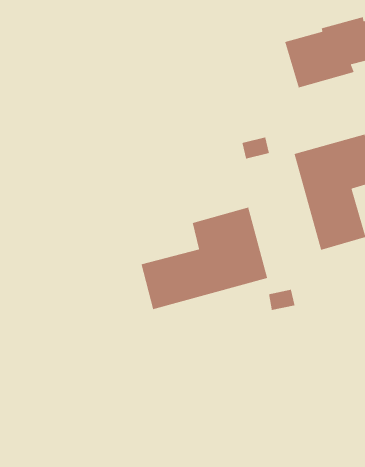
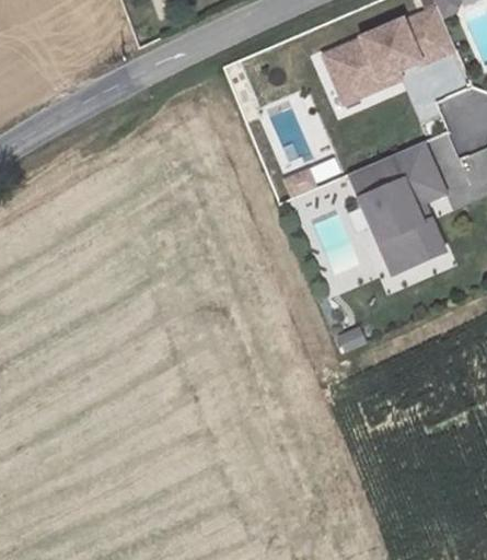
building: [140,207,268,310] -> none

